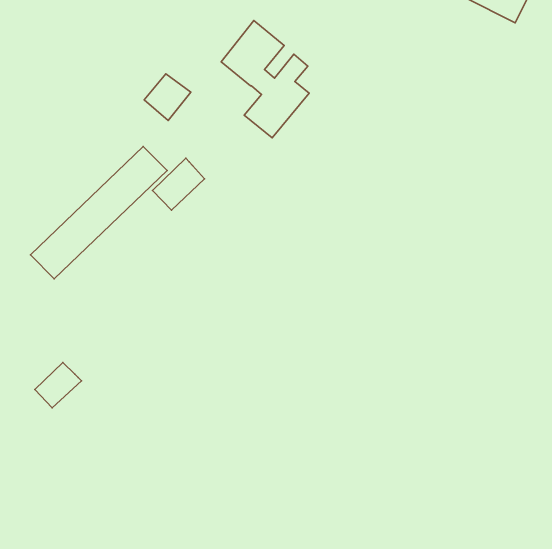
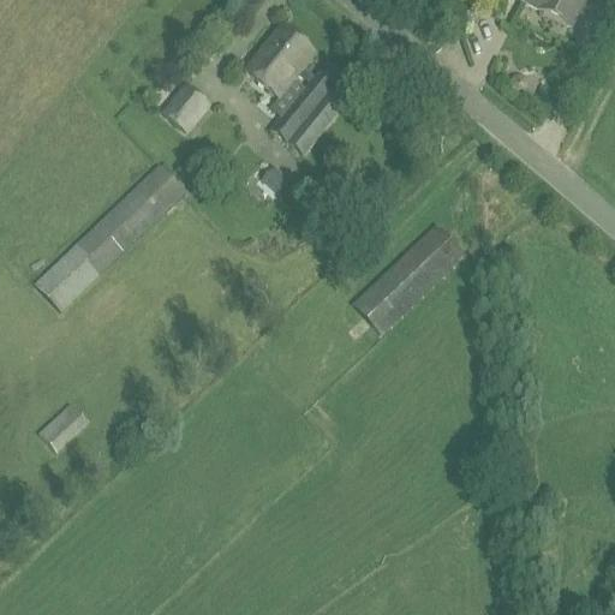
building: [153,158,205,210] -> none
building: none -> [356,223,465,332]

